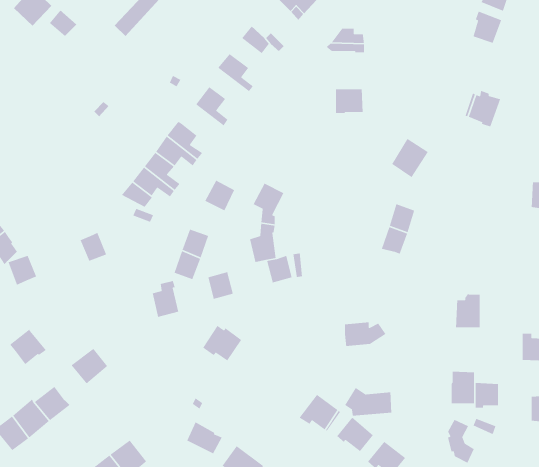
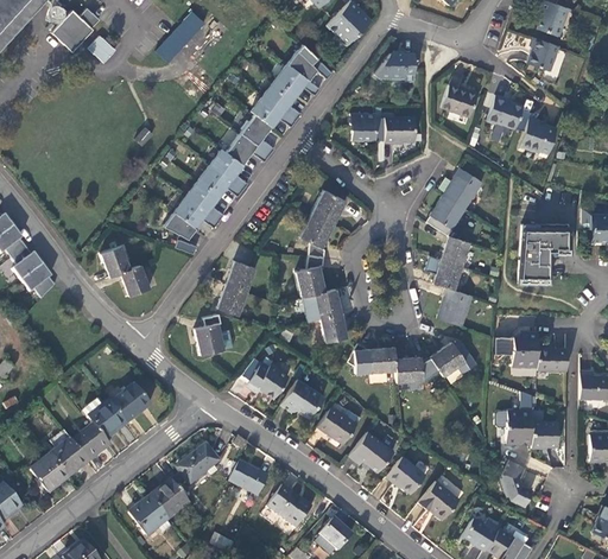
building: none -> [277,63,321,95]
building: none -> [442,82,479,114]
building: none -> [252,94,297,126]
building: none -> [489,94,524,128]
building: none -> [352,112,378,140]
building: none -> [227,132,271,164]
building: none -> [426,193,466,234]
building: [204,179,235,212] -> [312,190,344,223]
building: none -> [518,221,569,280]
building: none -> [437,285,471,325]
building: [7,255,37,286] -> [101,244,132,277]
building: [207,271,234,300] -> [321,311,348,341]
building: none -> [431,342,466,376]
building: none -> [537,347,565,369]
building: [9,328,47,365] -> [89,399,128,437]
building: none -> [281,380,322,414]
building: none -> [318,406,356,443]
building: [344,387,392,417] -> [346,342,395,373]
building: none -> [178,444,222,483]

